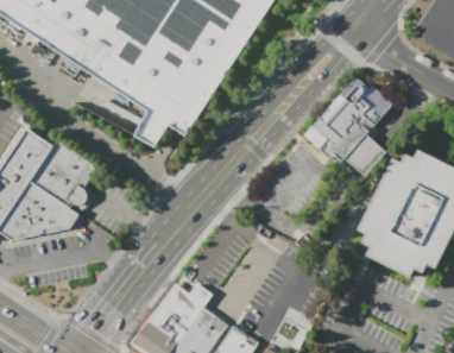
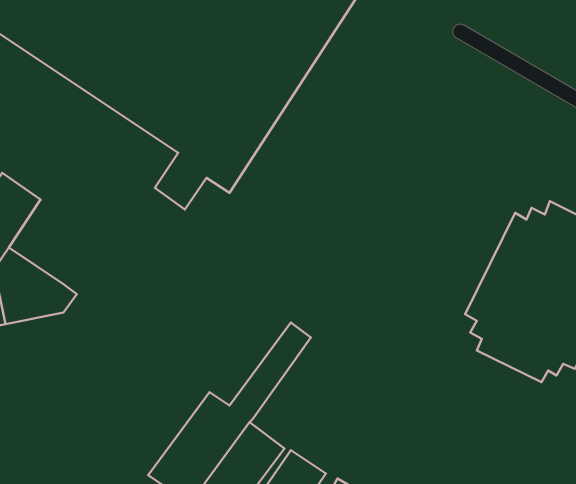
building: [302,76,392,176] -> none
building: [30,140,96,207] -> none

